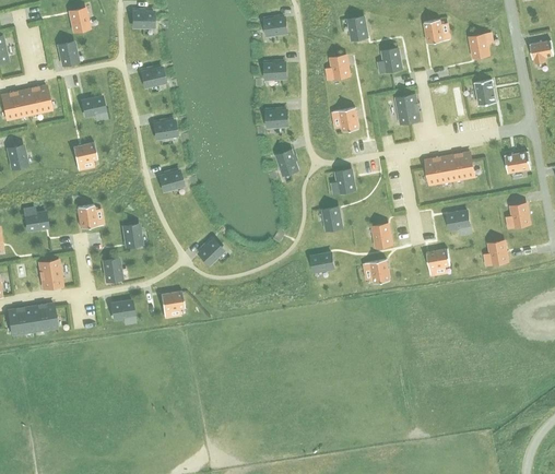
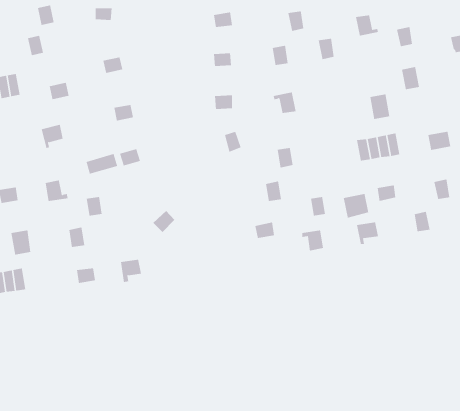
building: [395,94,418,122] -> [370,94,390,119]
building: none -> [86,153,118,174]
building: none -> [343,193,369,218]

